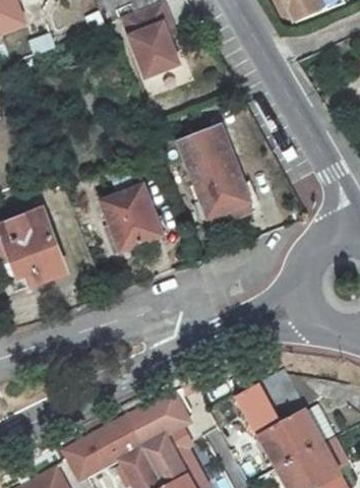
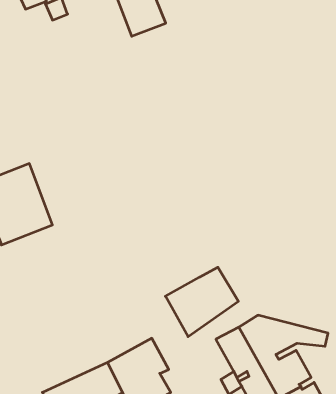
building: [182,119,253,220] -> none
building: [104,189,163,256] -> none
building: none -> [165,267,238,337]

